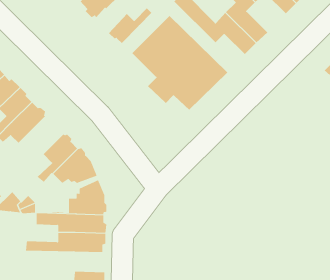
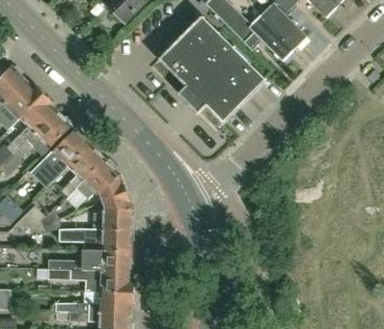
building: [108,8,152,44] -> none
building: none -> [31,129,89,183]
building: none -> [48,269,134,292]

